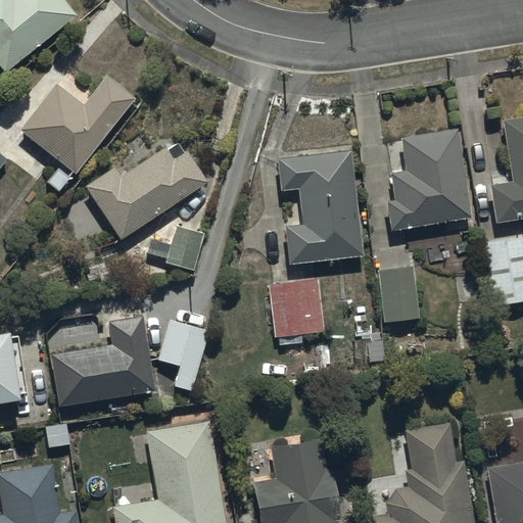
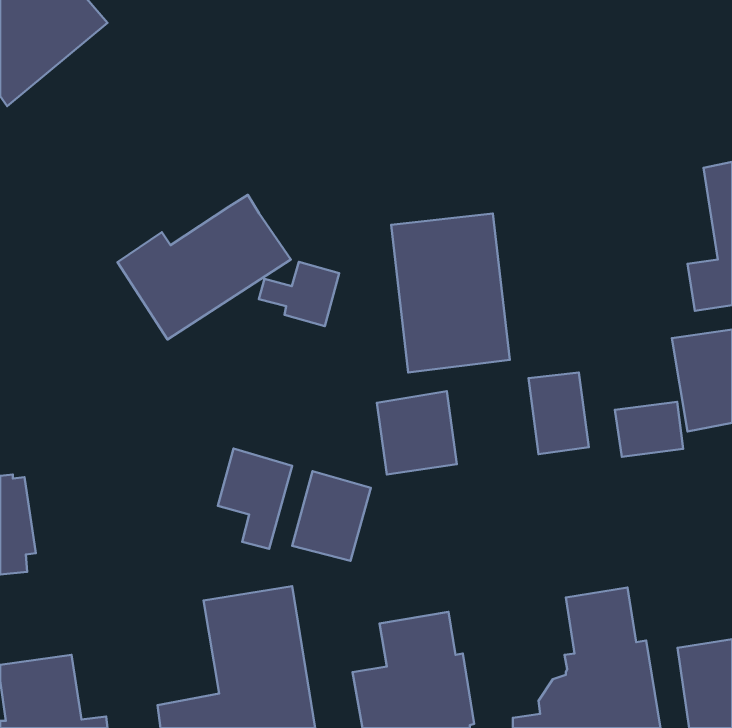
building: [20,78,134,192] -> none
building: [386,131,469,231] -> none
building: [146,226,203,272] -> [259,262,339,326]
building: none -> [615,402,683,457]
building: [50,317,155,408] -> none
building: none -> [292,471,371,561]

